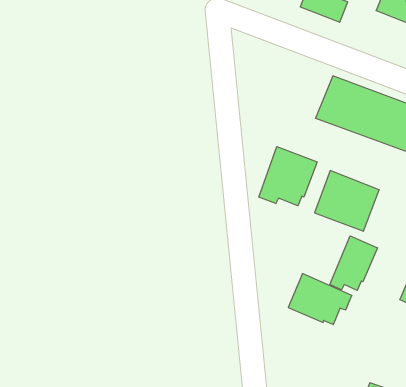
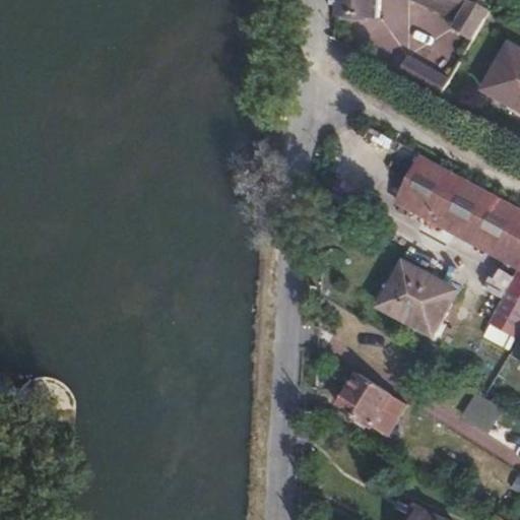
building: [259,147,317,206] -> none
building: [330,236,377,290] -> none

